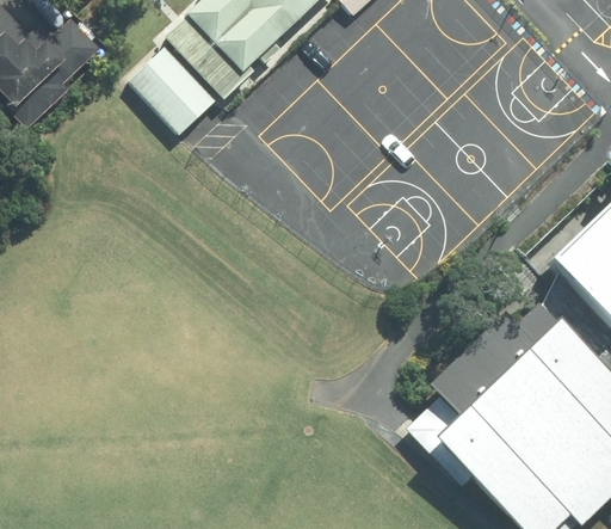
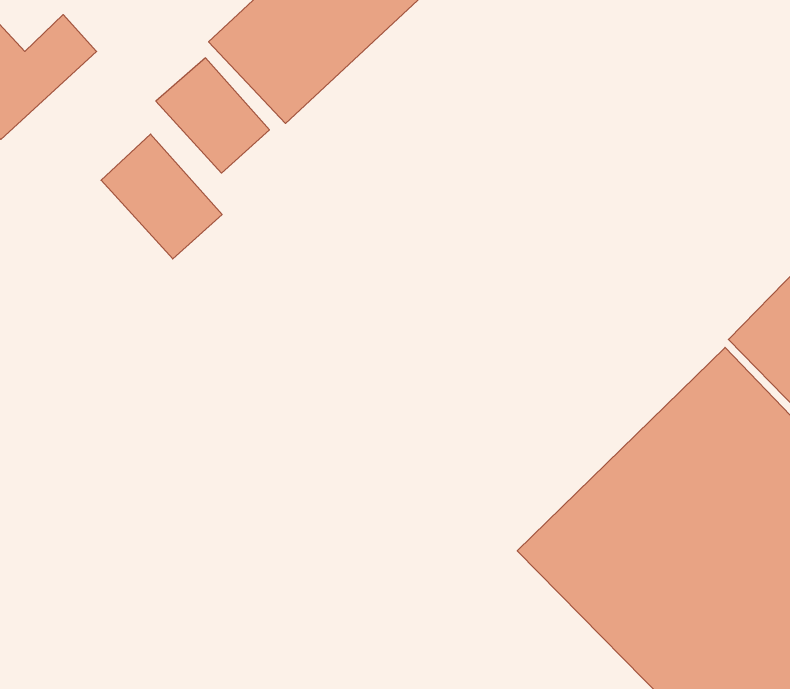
building: none -> [101,134,222,259]

